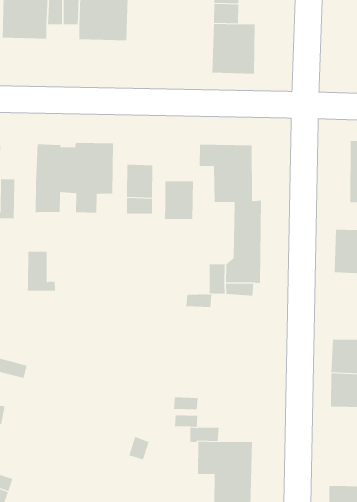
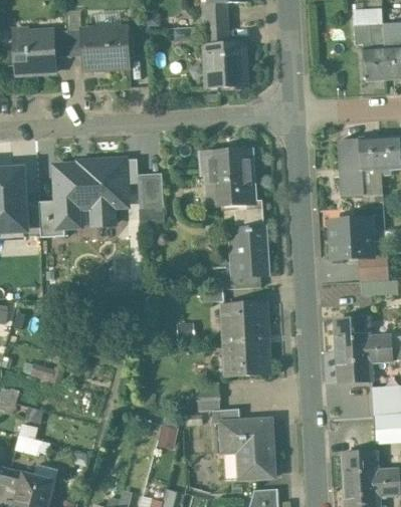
building: [164,180,193,220] -> none
building: [27,251,56,291] -> [38,200,66,237]
building: none -> [223,303,269,376]

